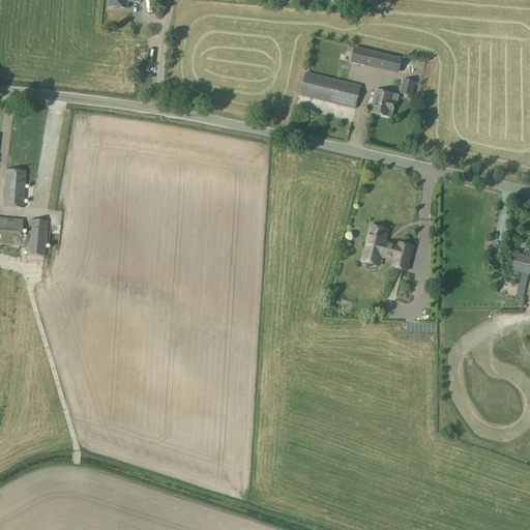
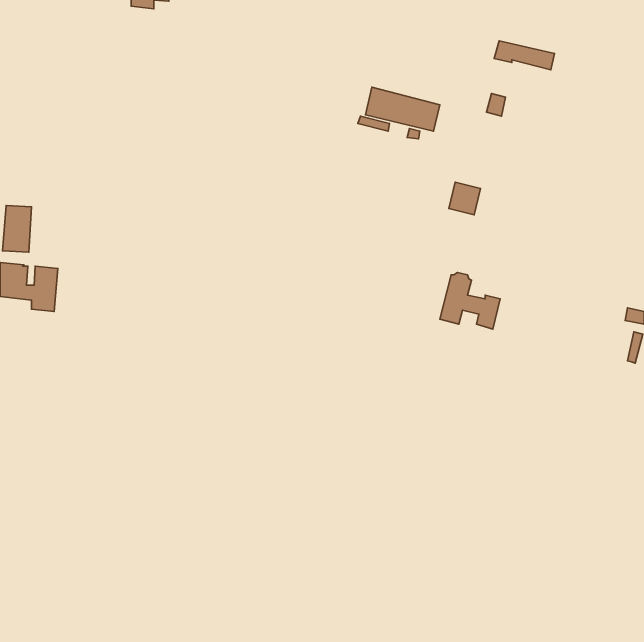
building: [352,48,402,71] -> [494,41,555,70]
building: [371,89,396,116] -> [449,182,480,215]

